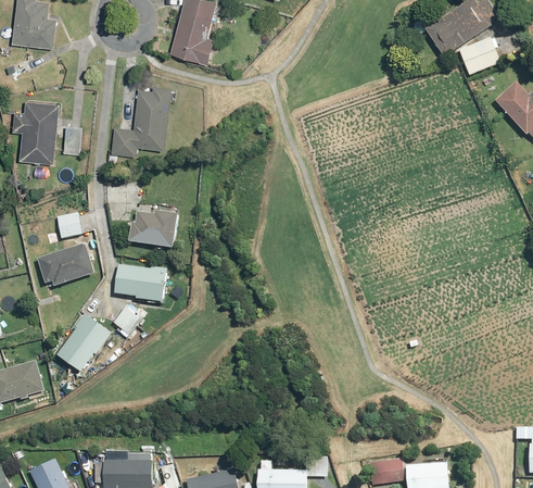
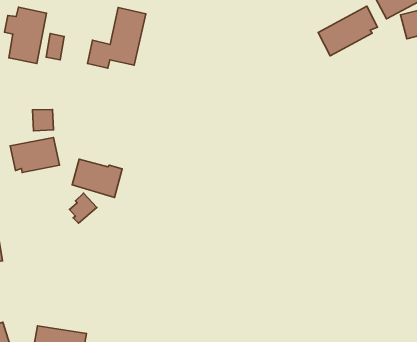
building: none -> [318,6,378,56]
building: [128,204,178,249] -> none
building: [55,313,113,372] -> none

